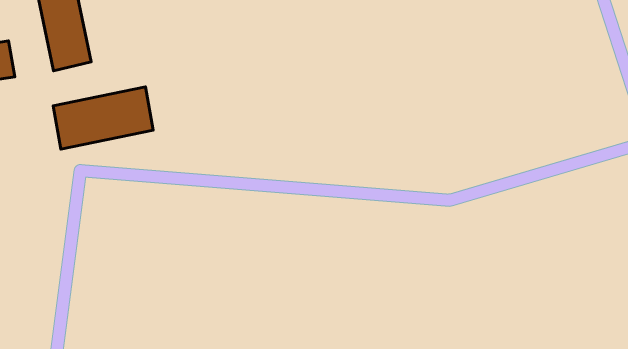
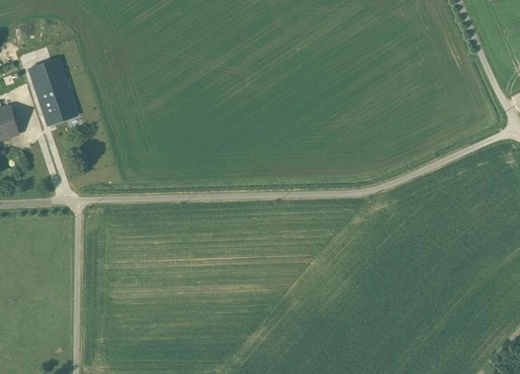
building: [53,87,153,149] -> none

